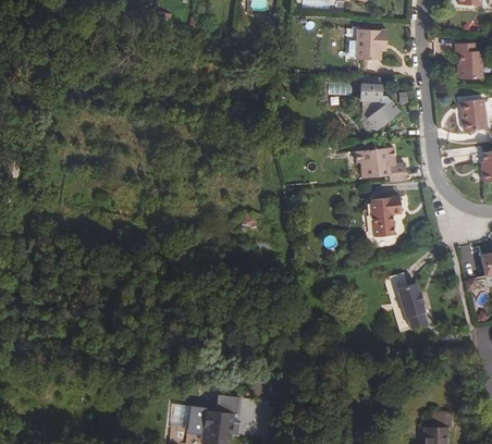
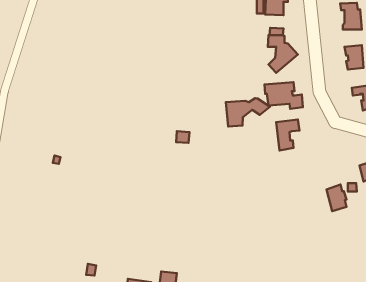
building: none -> [226,98,270,126]
building: [396,283,422,318] -> [326,184,346,211]

